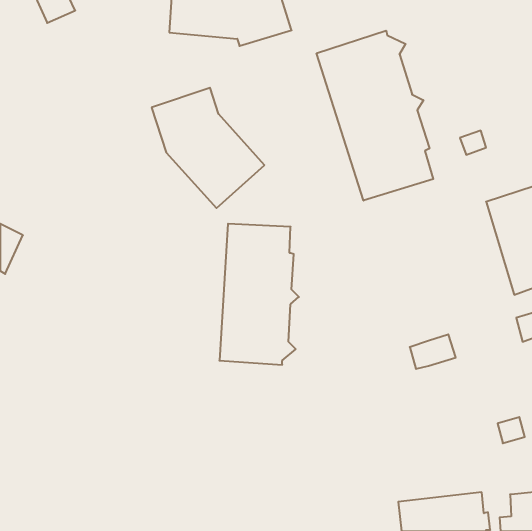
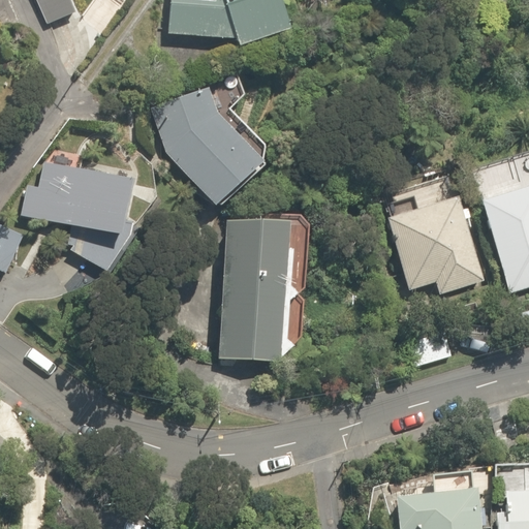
building: [317,31,433,201] -> none
building: none -> [22,160,134,272]
building: none -> [387,195,485,292]

